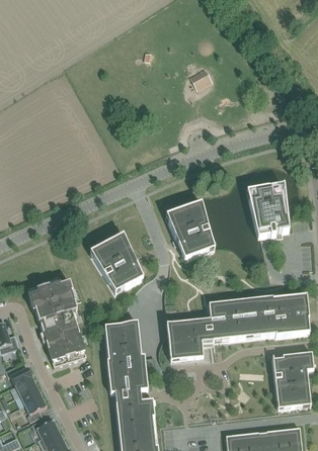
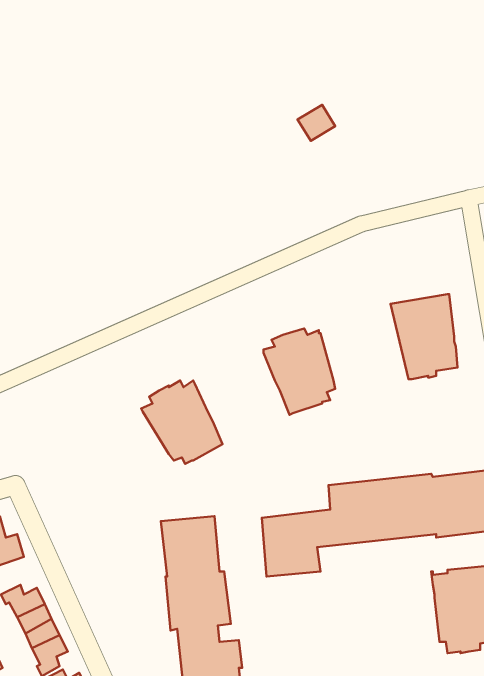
building: [28,280,86,365] -> none

